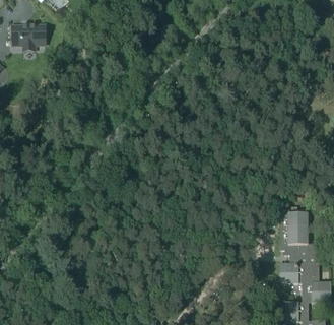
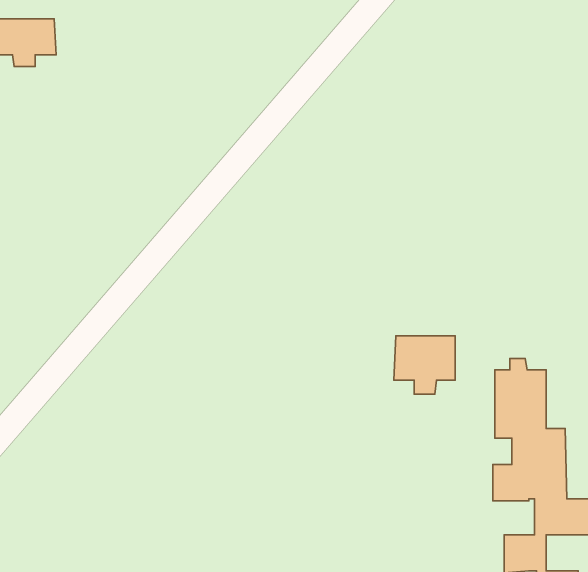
building: none -> [394,336,455,394]

